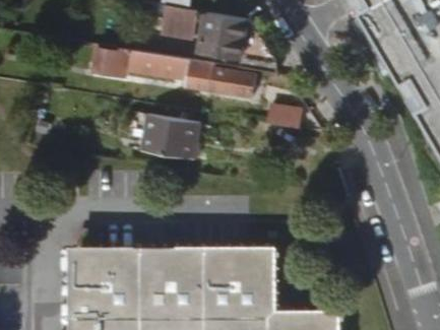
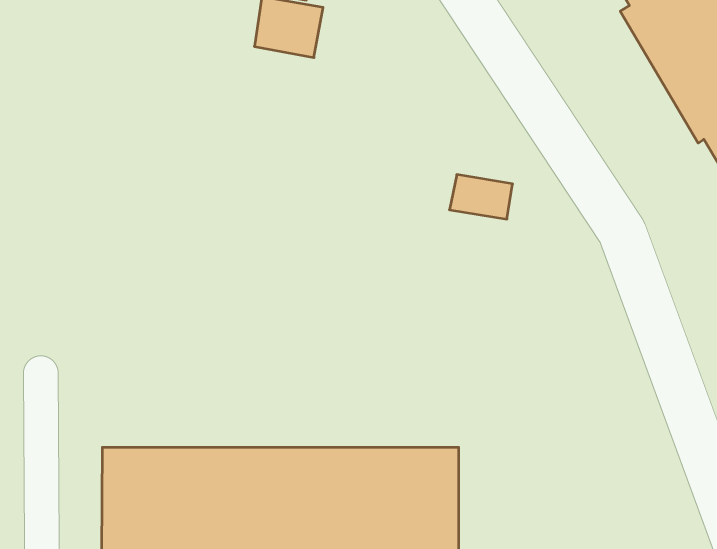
building: [200,12,276,72] -> none
building: [92,47,255,96] -> none
building: [142,116,198,155] -> none

